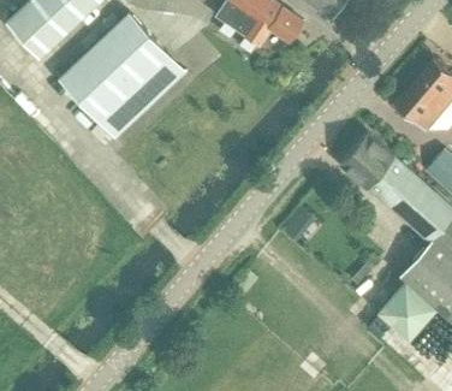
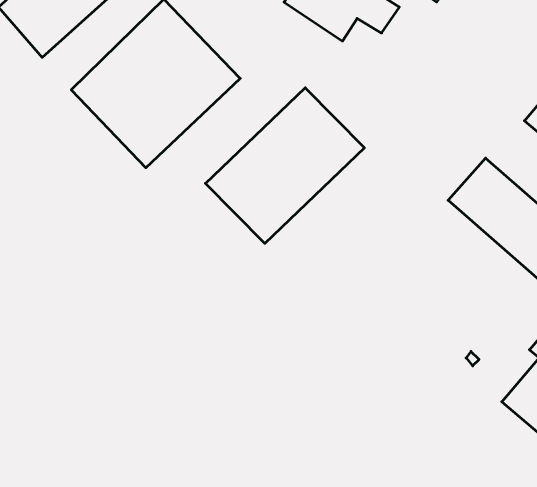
building: none -> [205,88,364,243]

